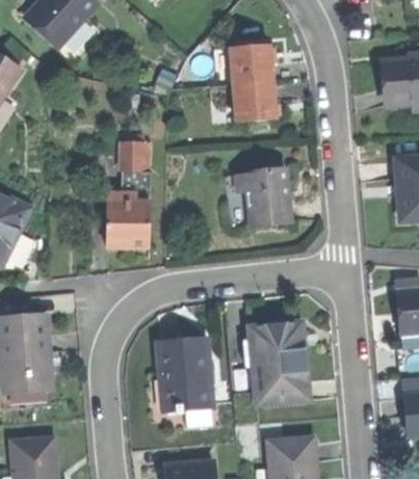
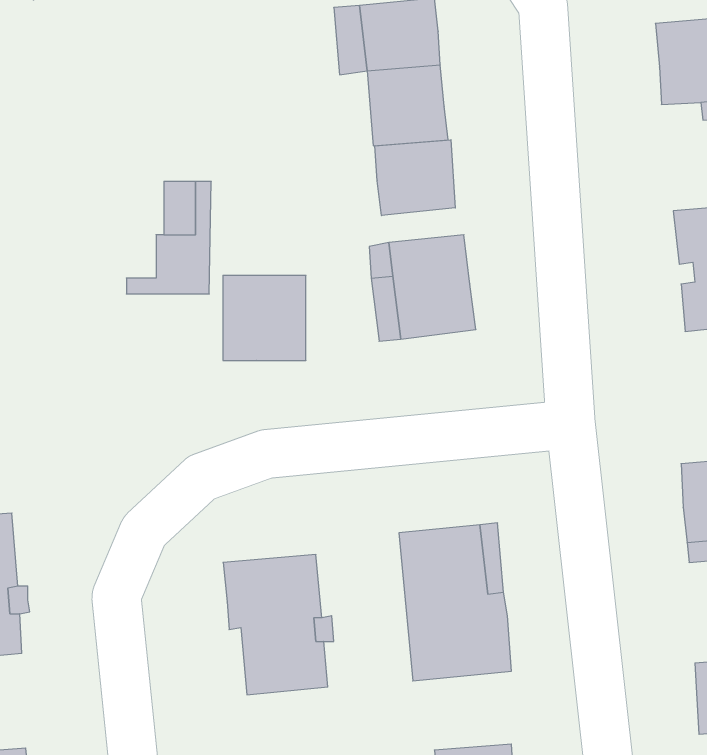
building: none -> [375,140,455,216]
building: [106,201,150,245] -> [223,275,306,360]

